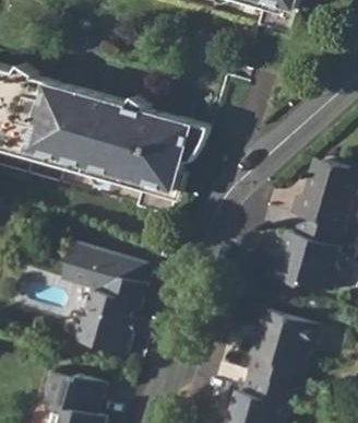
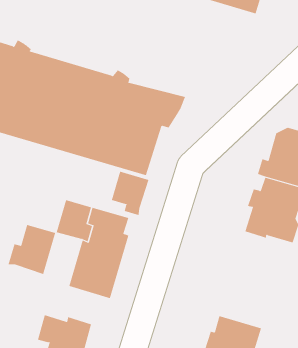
building: none -> [111,171,149,216]
building: none -> [8,224,56,275]
building: [247,307,319,385] -> none

